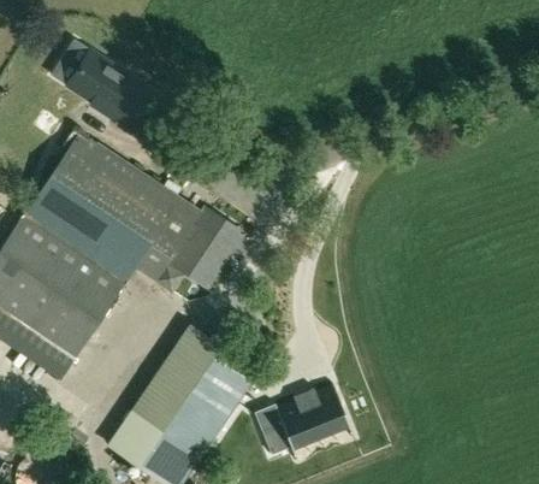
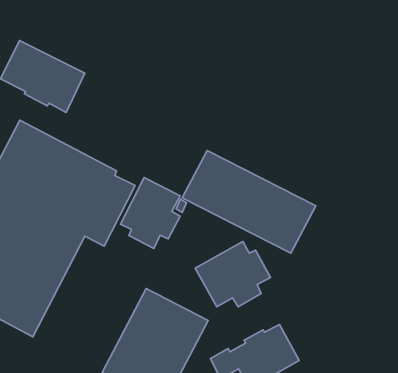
building: none -> [182,150,316,253]
building: none -> [195,242,270,307]

